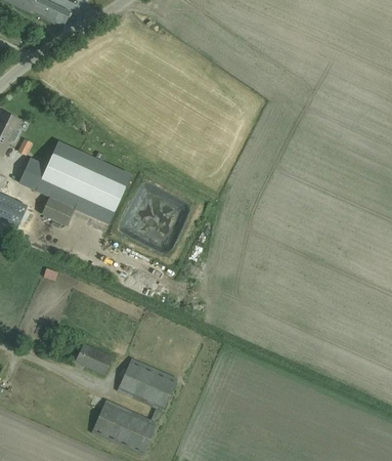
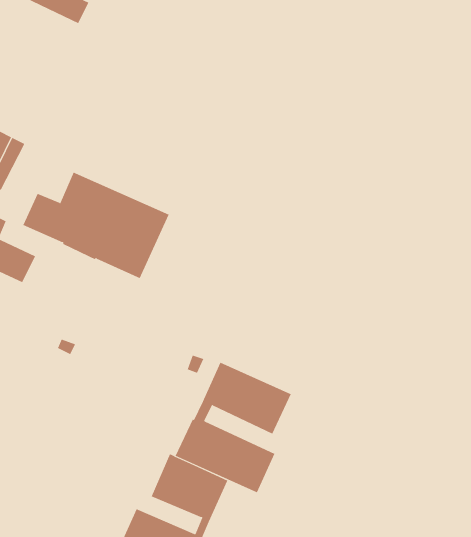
building: [41,197,75,225] -> none
building: none -> [175,362,292,493]
building: [75,343,112,375] -> none

